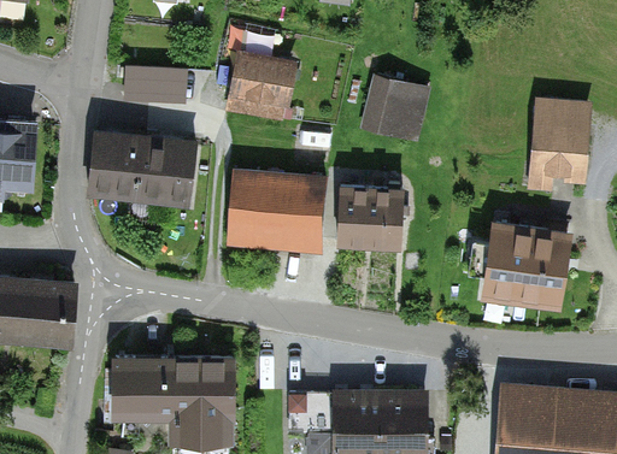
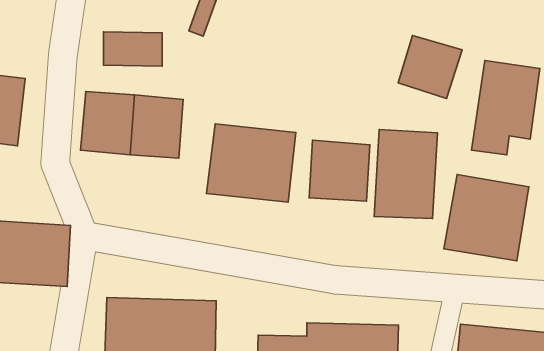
building: [229,48,302,119] -> none
building: [355,75,425,143] -> [398,35,462,98]
building: none -> [374,130,438,219]

